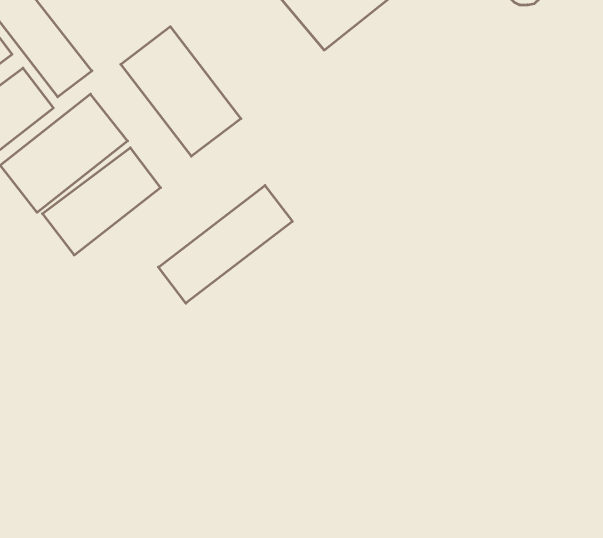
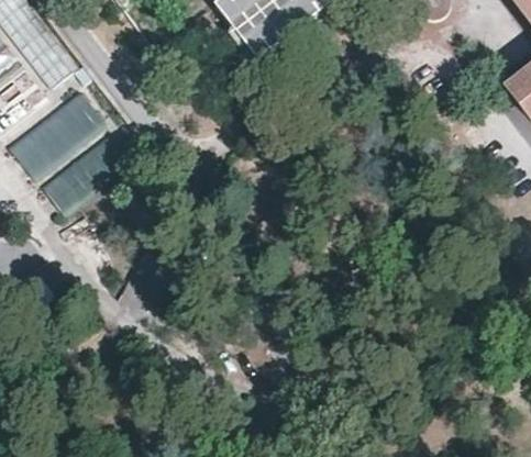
building: [121,27,241,156] -> none
building: [158,185,292,303] -> none

